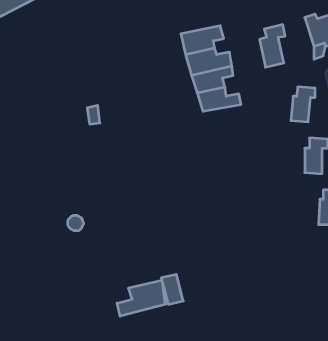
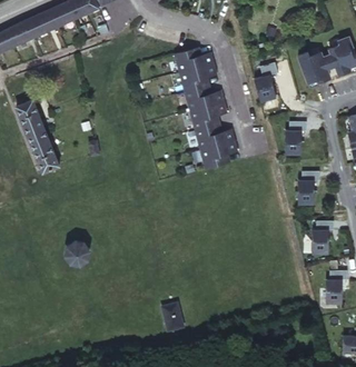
building: none -> [174,44,216,69]
building: none -> [12,96,60,173]
building: none -> [199,137,239,166]
building: [117,280,165,316] -> none

